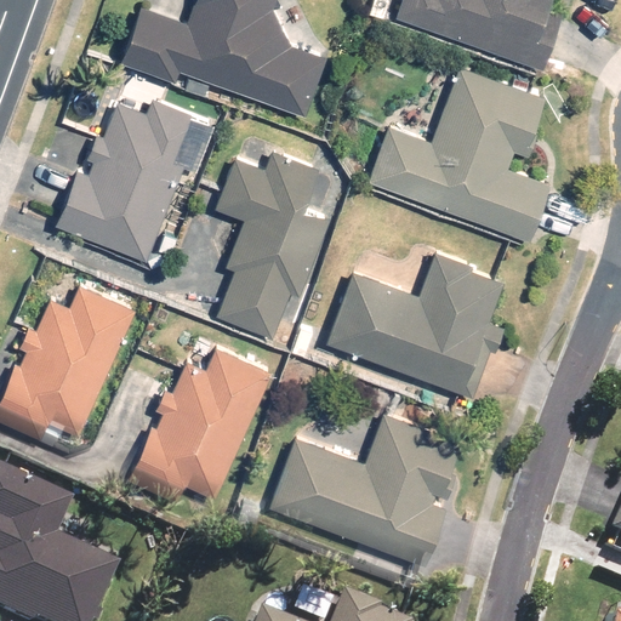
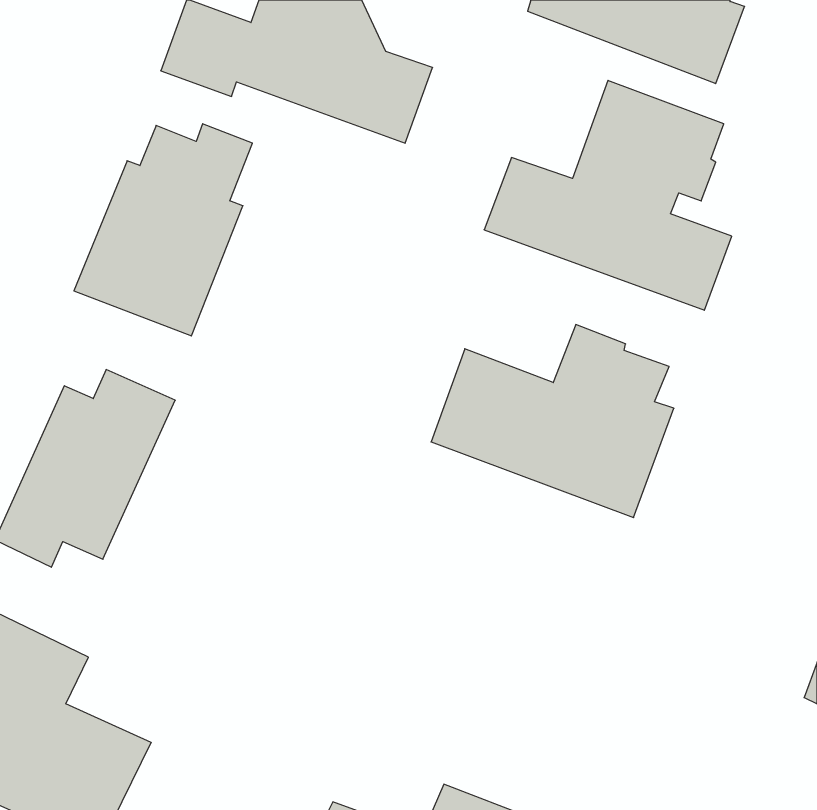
building: [216,150,329,335] -> none
building: [129,347,270,500] -> none
building: [270,414,462,563] -> none

